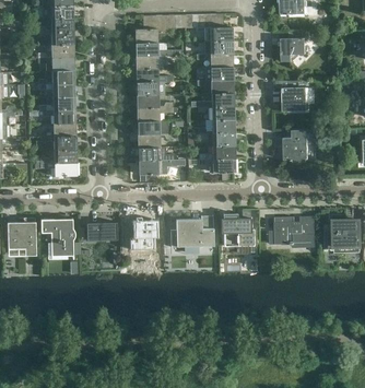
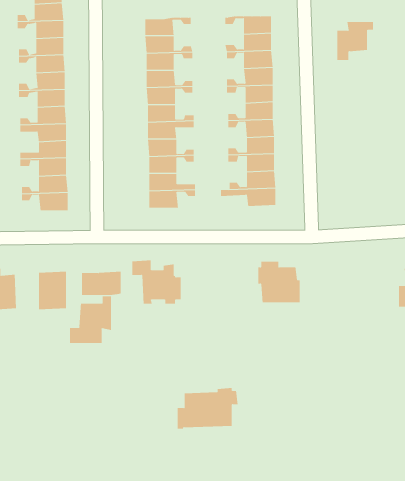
building: [282,81,310,111] -> none
building: [283,129,317,162] -> none
building: [170,215,217,247] -> [177,388,238,429]
building: [274,216,315,246] -> none
building: none -> [70,296,111,344]

